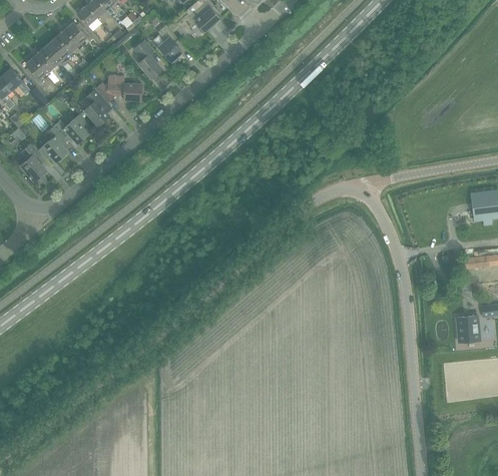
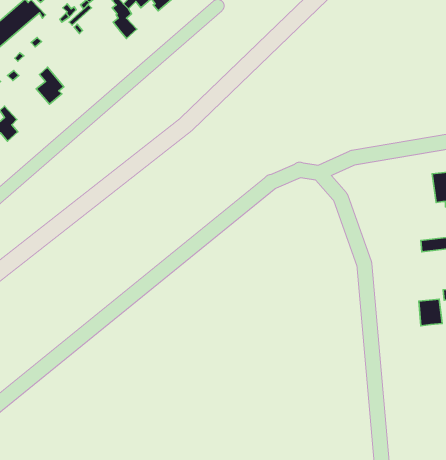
building: [134,39,162,79] -> none
building: [97,83,142,102] -> none
building: [53,114,88,143] -> none

